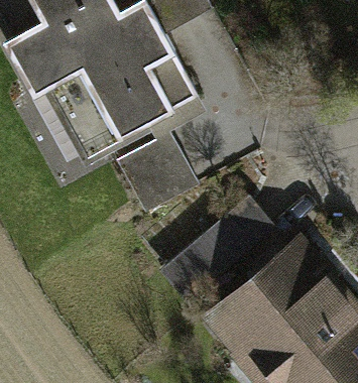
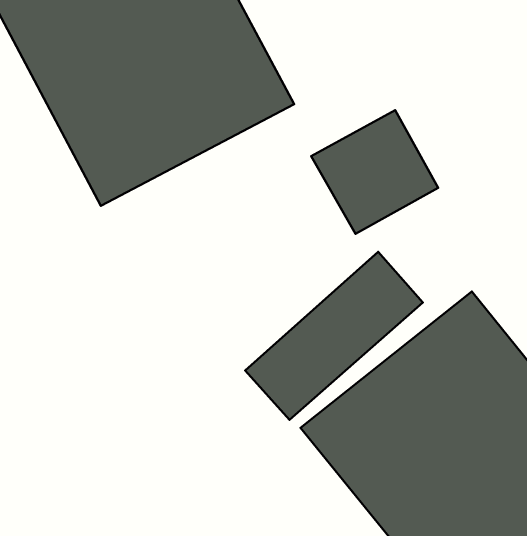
building: [117,134,198,213] -> [311,110,438,234]

